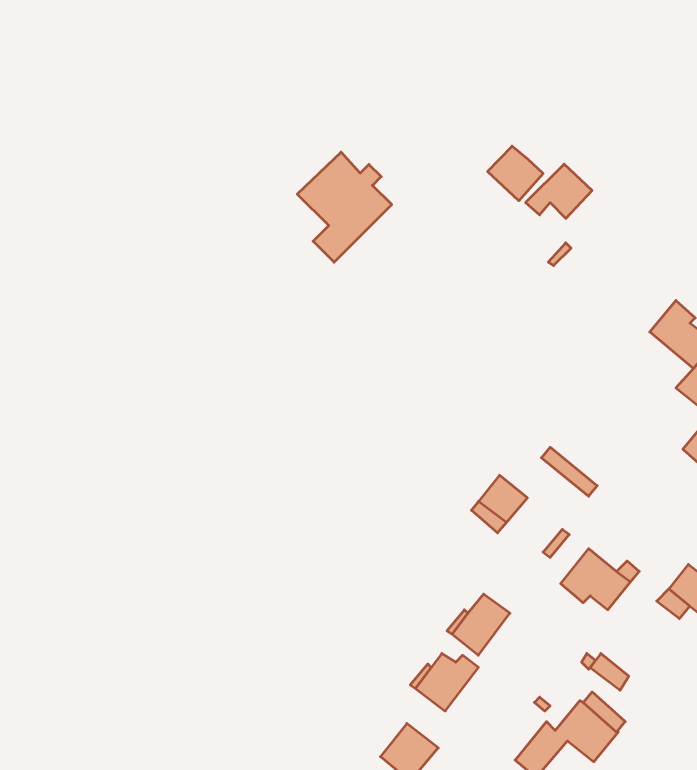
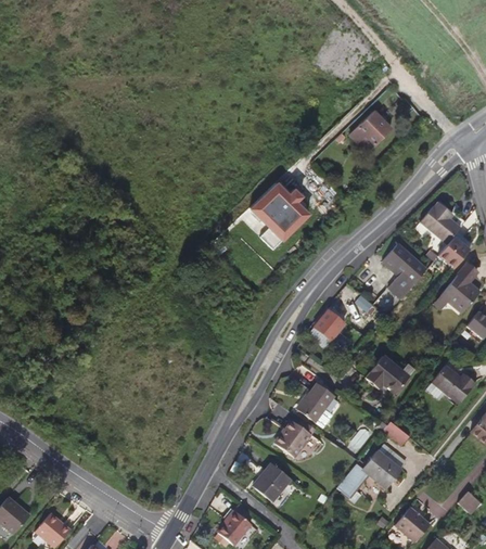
building: [488,146,543,201] -> none
building: [297,152,392,262] -> [246,190,305,258]
building: none -> [383,243,426,298]

